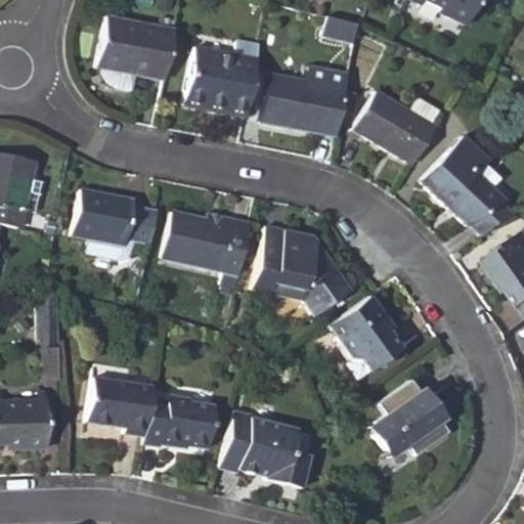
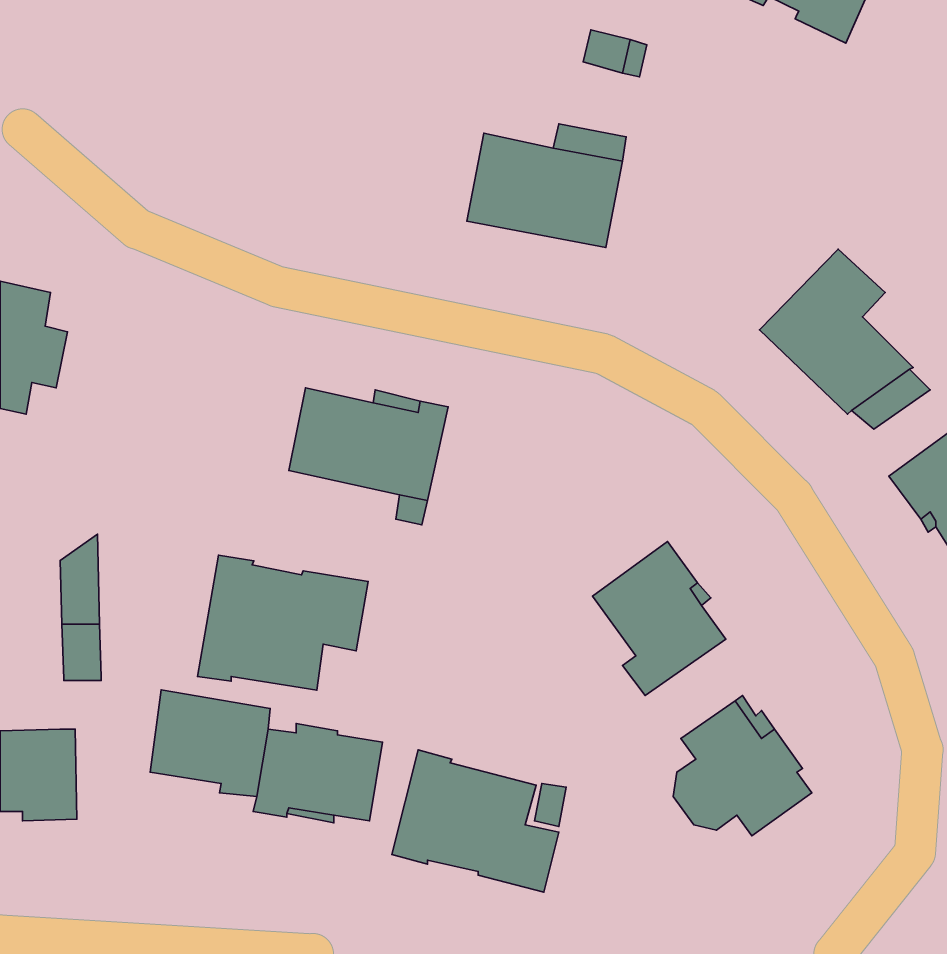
building: [97,15,175,79] -> none
building: [183,39,260,117] -> none
building: [353,90,441,164] -> none
building: [72,188,157,263] -> none
building: [253,225,351,315] -> none
building: none -> [197,555,368,690]

